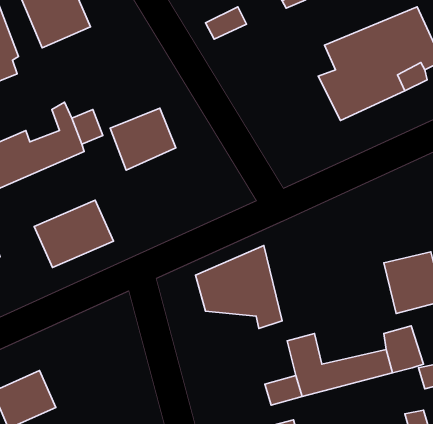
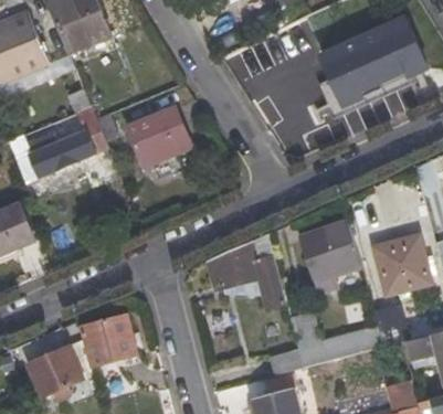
building: [34,200,113,268] -> none
building: none -> [302,222,359,280]
building: none -> [80,314,136,364]

